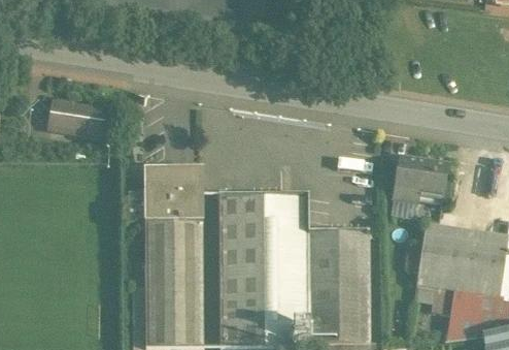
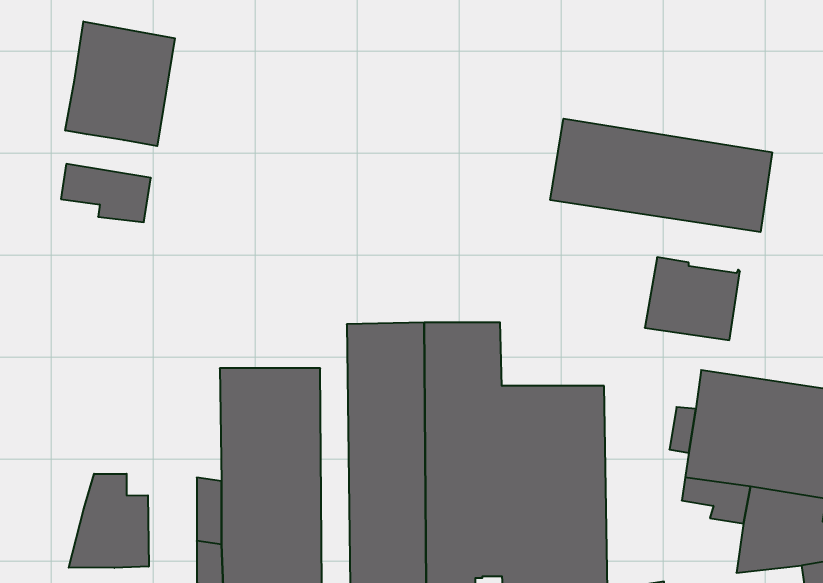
building: none -> [65,21,175,146]
building: none -> [550,119,772,232]
building: [144,168,203,221] -> none
building: none -> [69,474,149,568]

